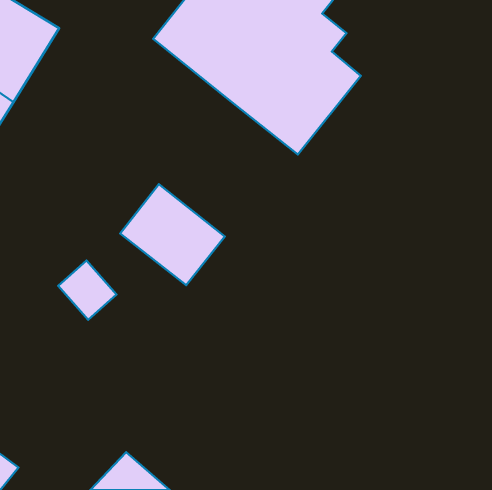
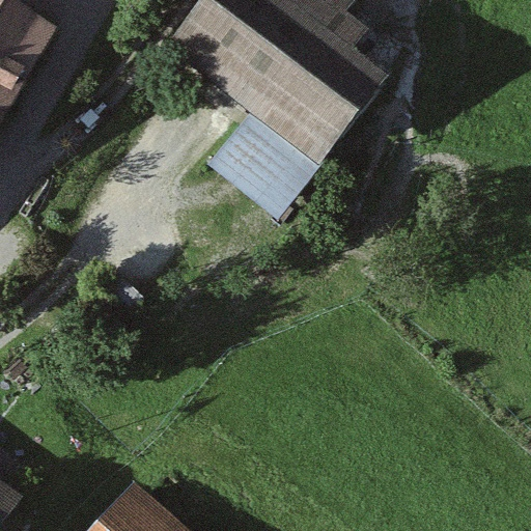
building: [120,184,225,285] -> [206,109,318,217]

